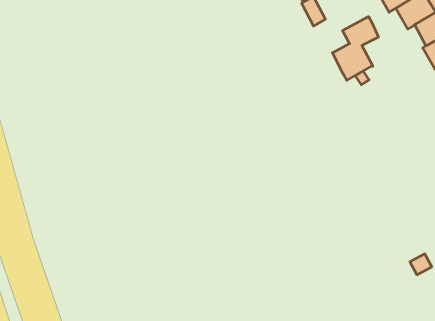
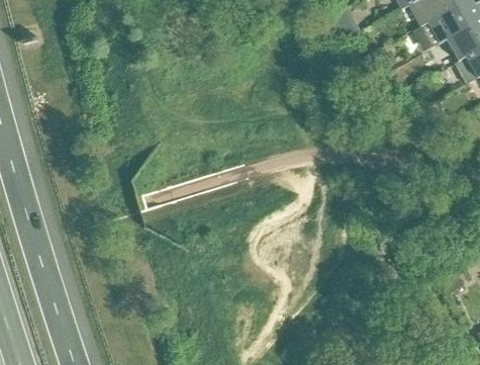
building: [332,17,378,80] -> none

